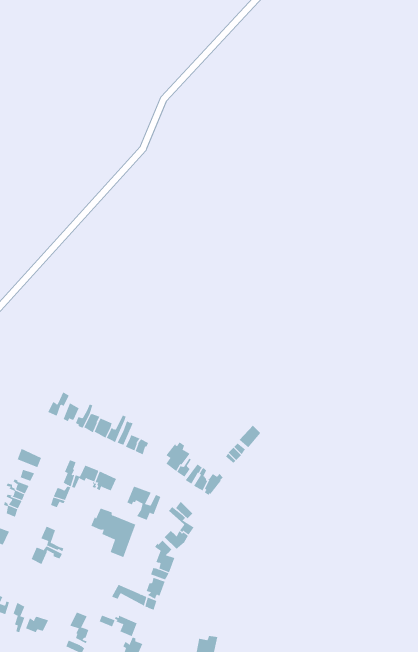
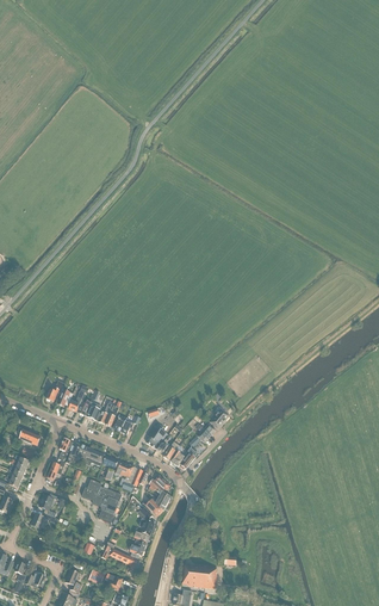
building: none -> [181,563,217,588]

